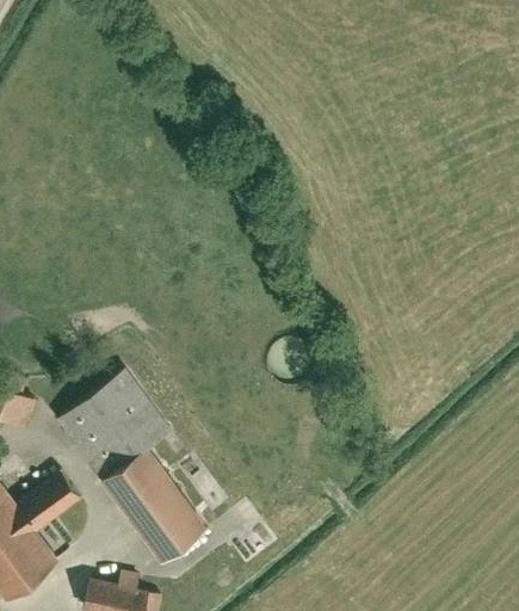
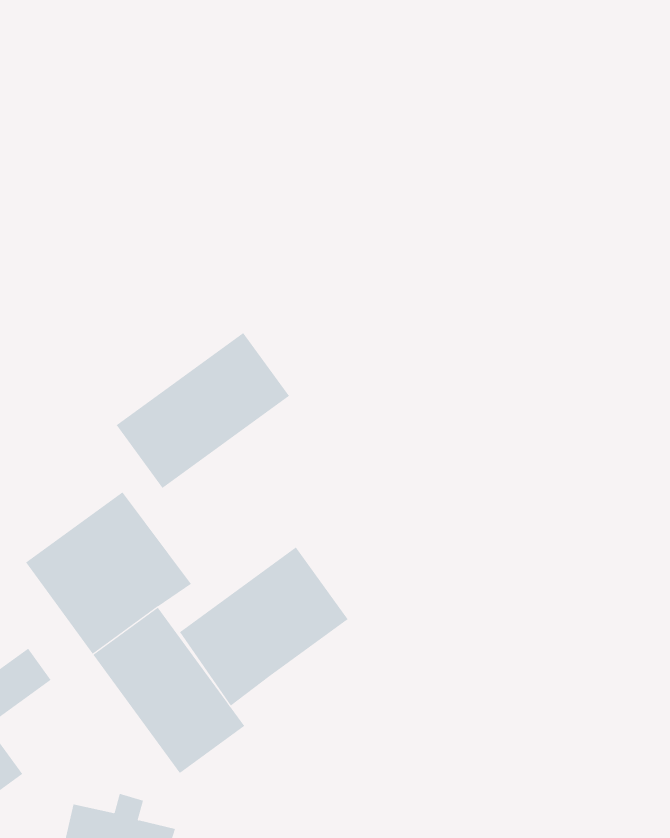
building: none -> [116,332,290,489]
building: none -> [179,547,349,706]

